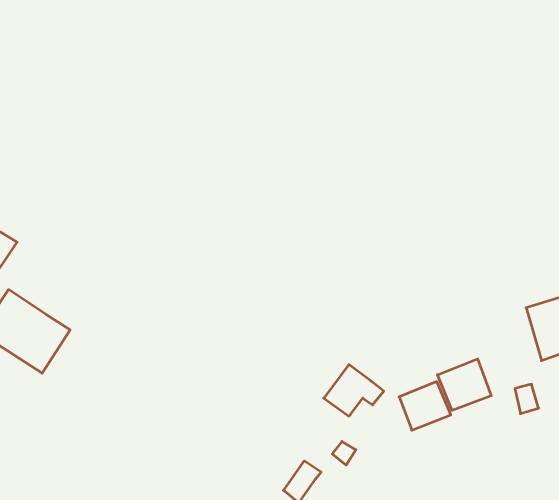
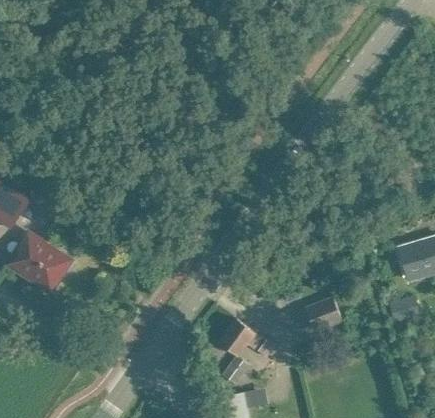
building: [437,359,491,410] -> none
building: [324,365,384,416] -> [220,320,263,357]

